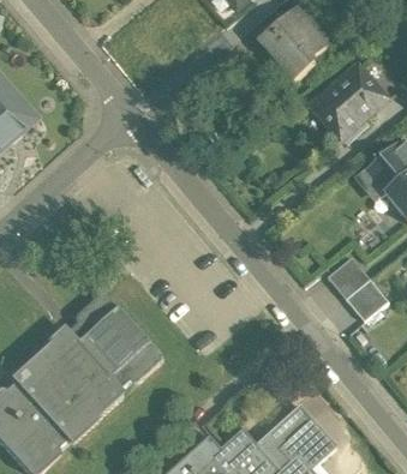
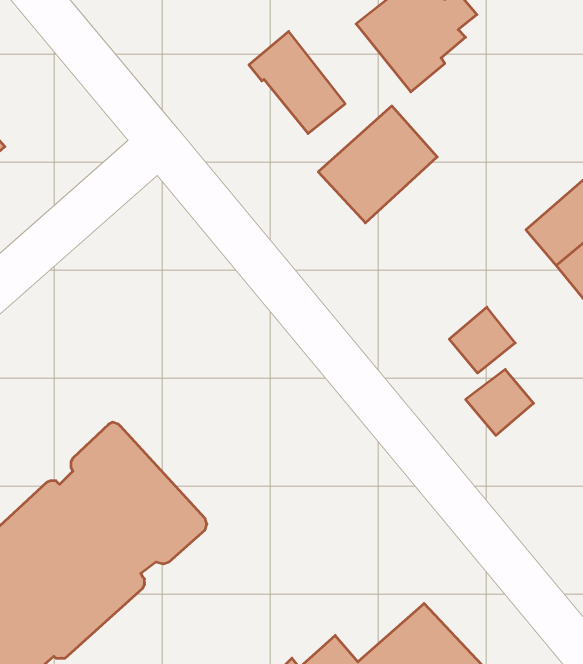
building: none -> [249,31,345,134]
building: [311,65,387,139] -> [318,106,437,223]
building: [346,280,388,322] -> [449,307,515,373]

